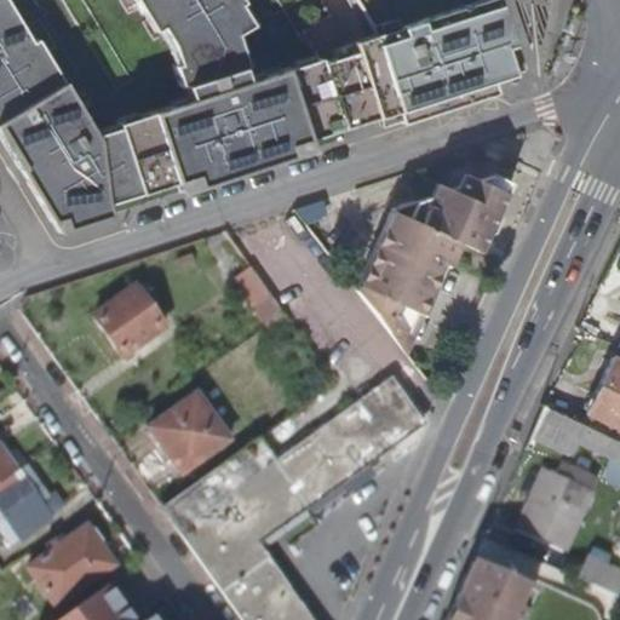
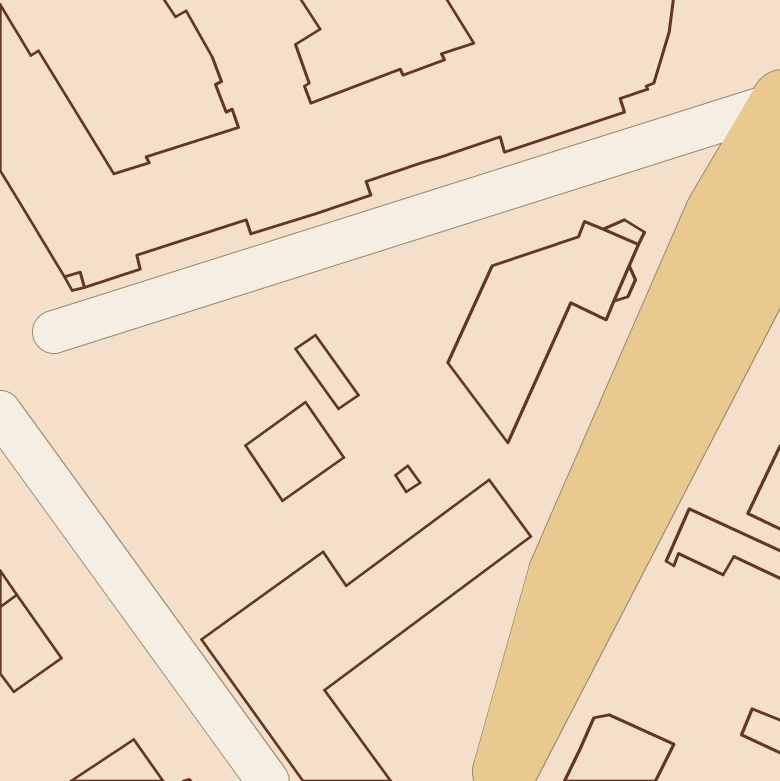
building: [94,285,165,355] -> none
building: [154,394,231,471] -> [245,402,344,501]
building: [521,460,598,546] -> none
building: [33,523,117,602] -> none

